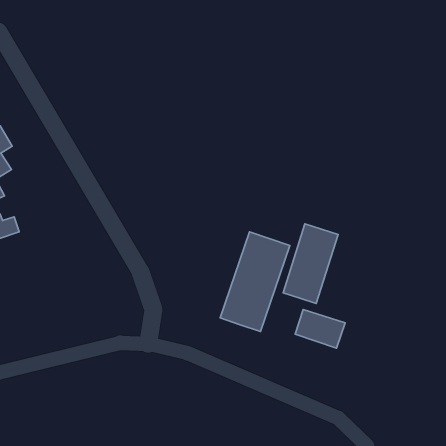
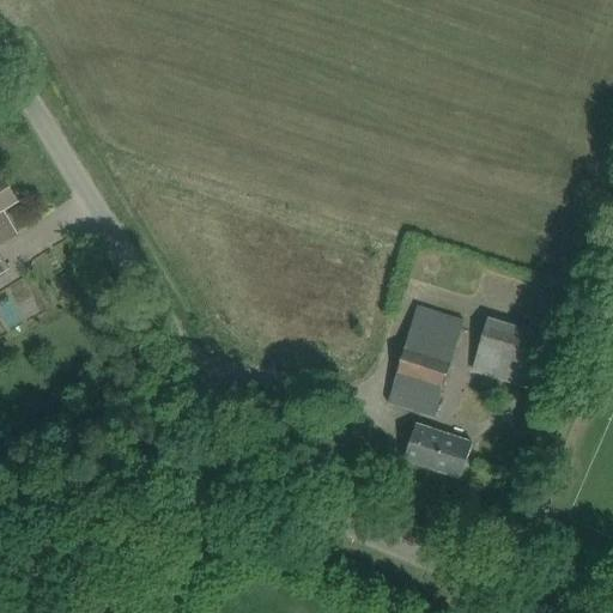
building: none -> [471,317,545,388]
building: [220,232,290,332] -> none

